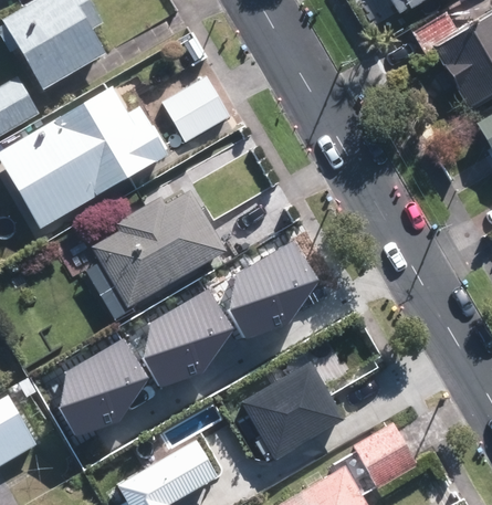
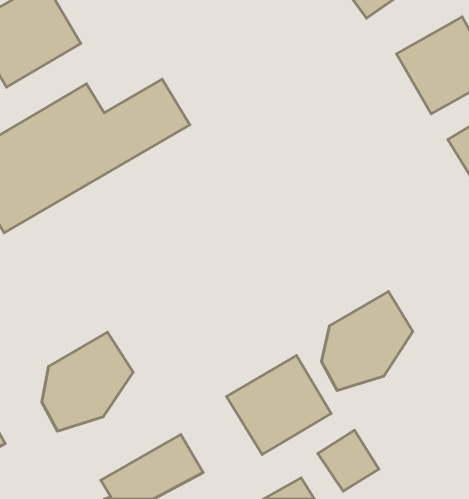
building: [95,186,232,307] -> none
building: [231,236,322,335] -> [322,291,413,391]
building: [145,286,235,385] -> none

